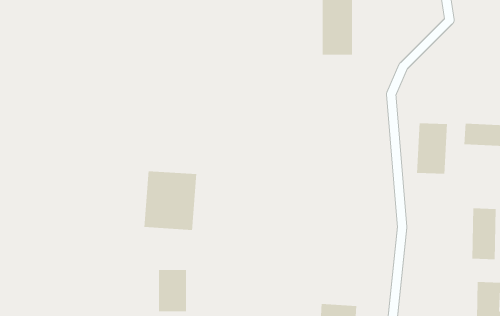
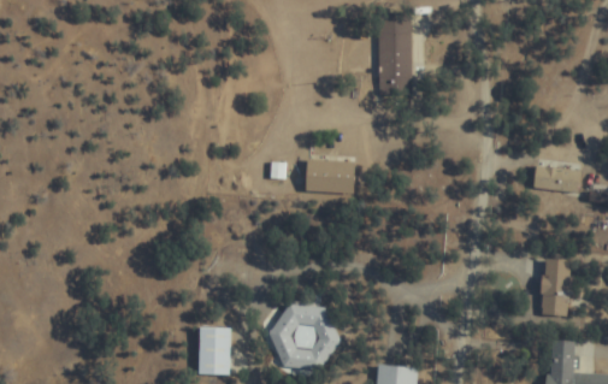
building: none -> [305,159,354,193]
building: [416,122,448,175] -> none
building: [143,170,197,231] -> [275,303,333,370]

